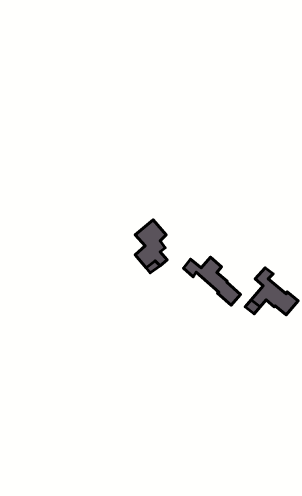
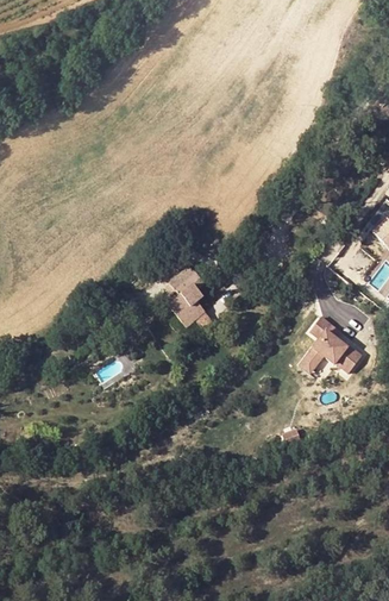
building: [184,257,241,305] -> none

